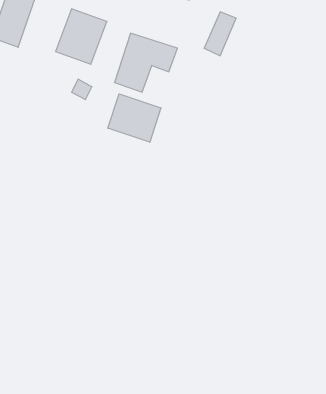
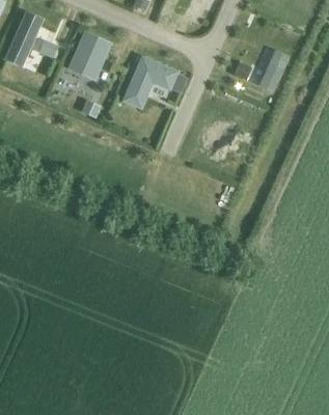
building: [204,12,236,56] -> [261,51,292,93]
building: [108,94,161,142] -> none

